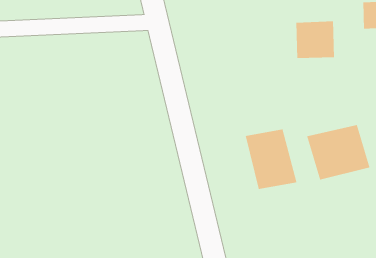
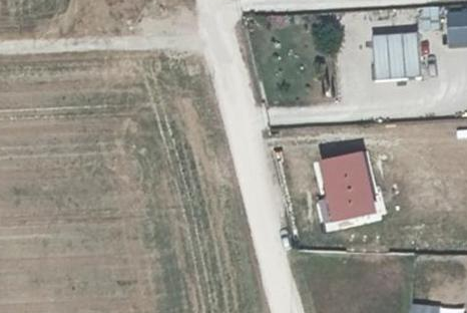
building: [306,124,371,181] -> none

